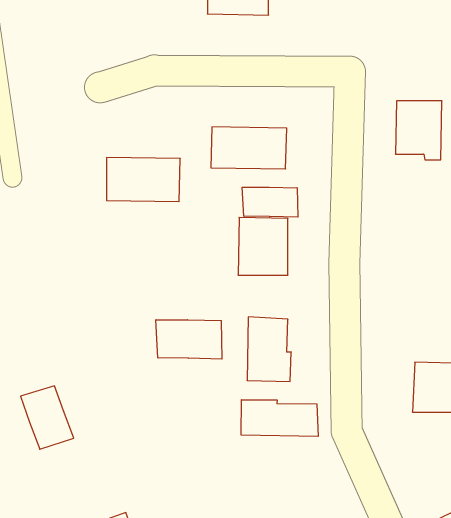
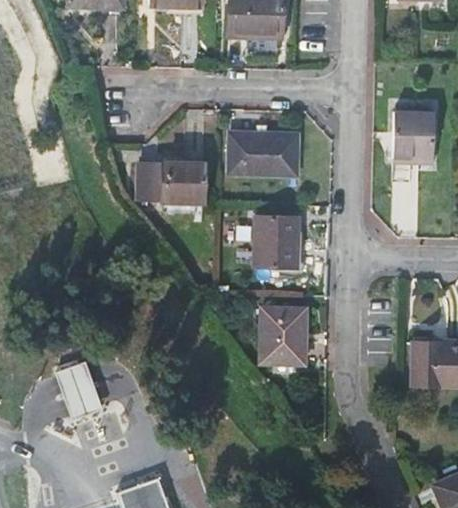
building: [242,187,298,217] -> none
building: [156,320,222,359] -> none
building: [241,400,318,436] -> none

